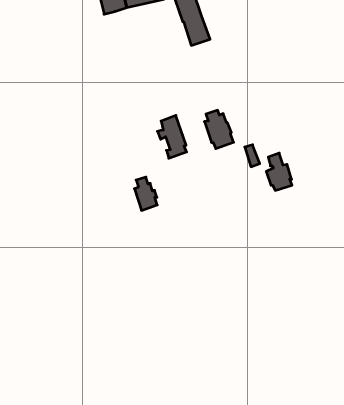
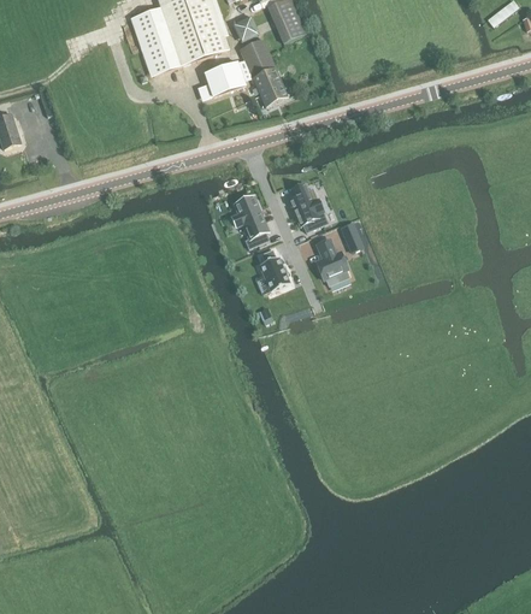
building: none -> [202,60,244,95]
building: [266,153,292,190] -> [314,237,348,284]
building: [134,177,157,210] -> [258,248,288,290]

